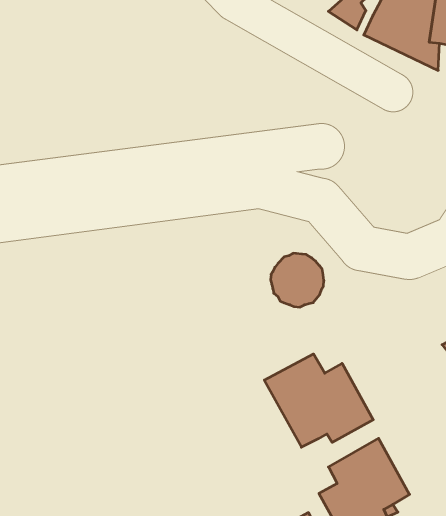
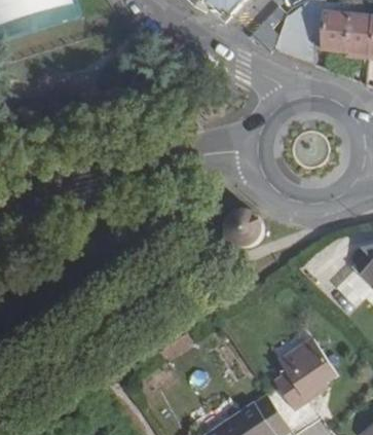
building: [264,354,373,447] -> none

